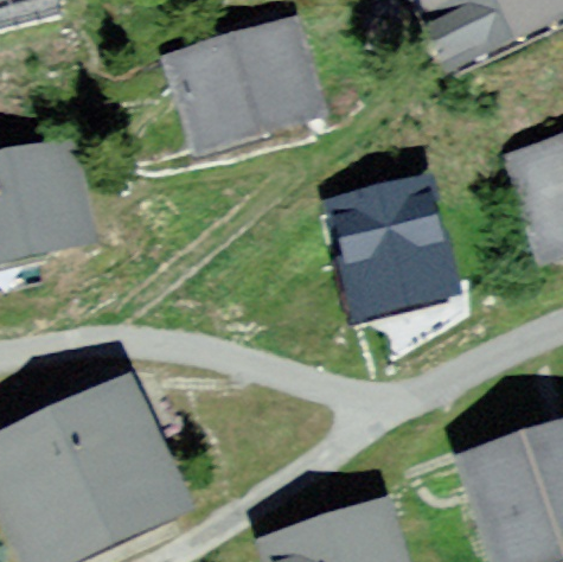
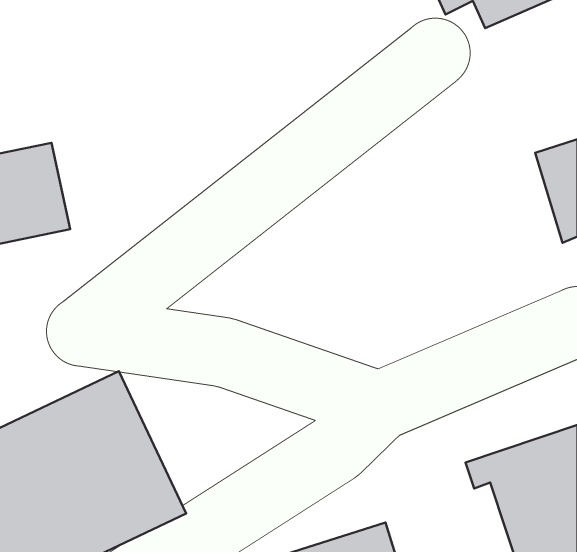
building: [180,28,308,141] -> none
building: [339,189,446,306] -> none

